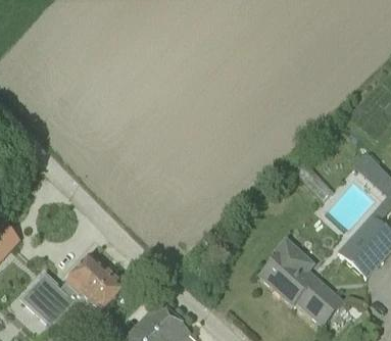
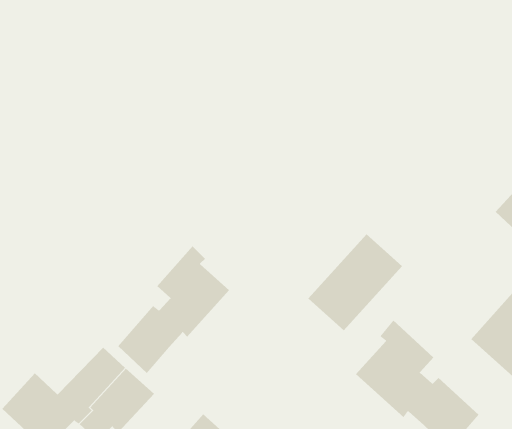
building: none -> [308,233,403,331]
building: none -> [117,245,230,374]

